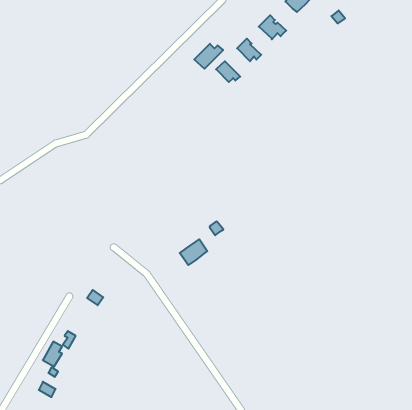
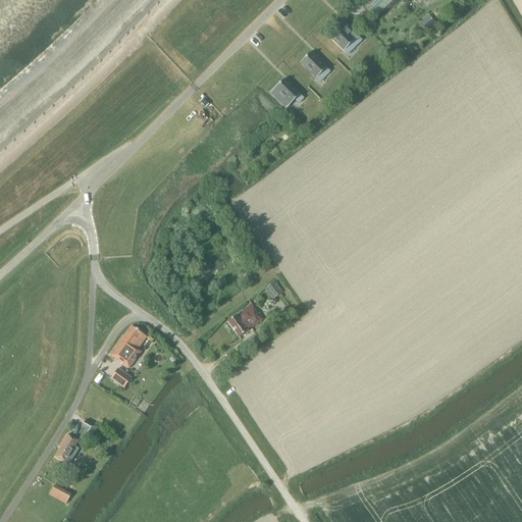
building: [194,44,223,69] -> none
building: none -> [109,324,147,366]

